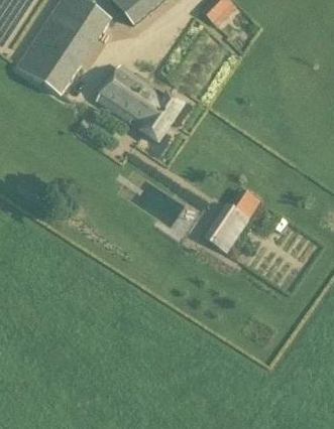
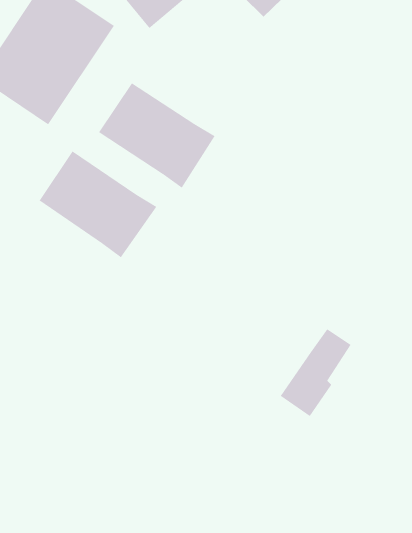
building: none -> [39,151,157,258]
building: [205,187,257,252] -> [280,328,352,417]

